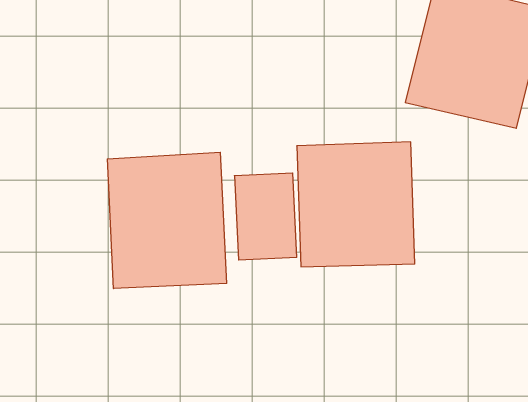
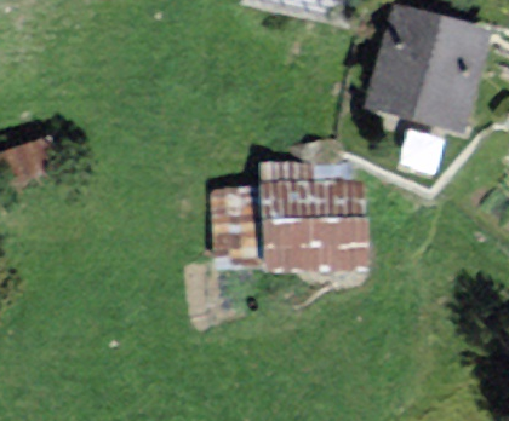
building: [107,152,227,289] -> none

